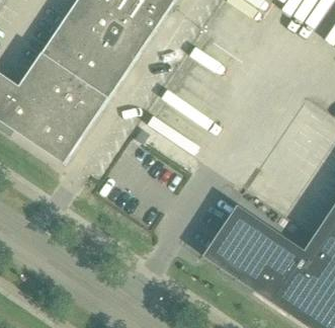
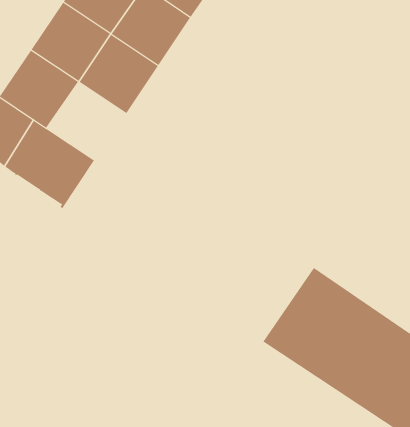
building: [52,76,107,131] -> none

